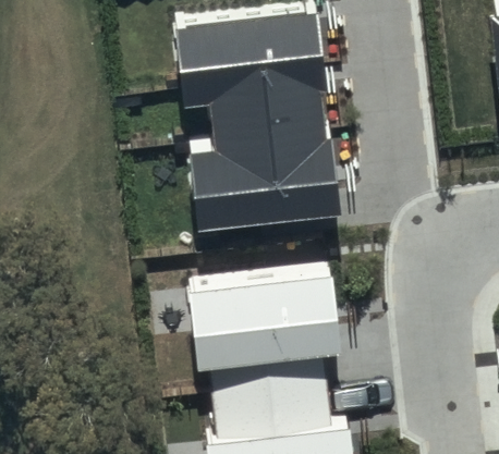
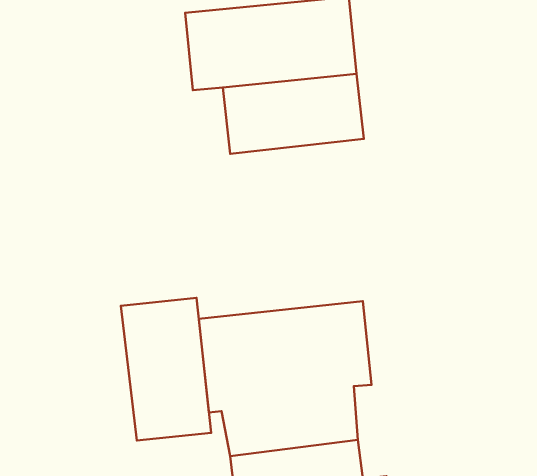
building: [191,134,341,230] -> none
building: none -> [121,298,211,440]

